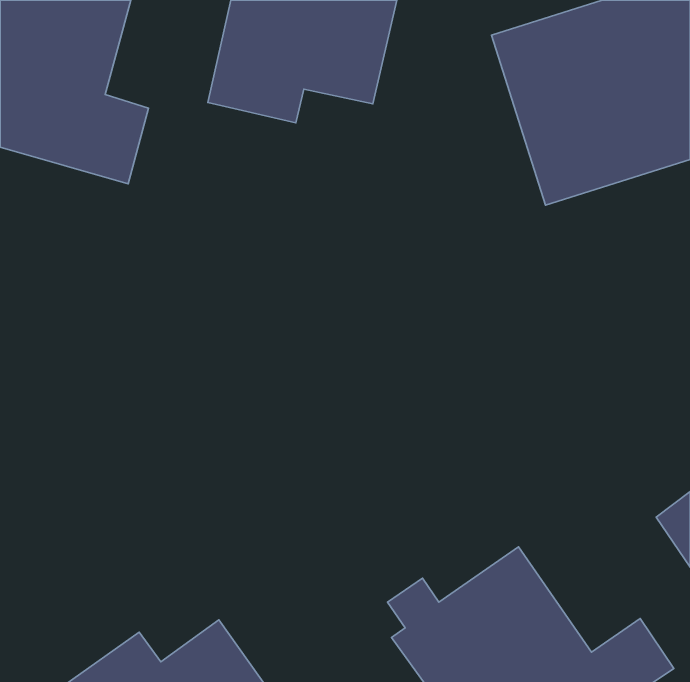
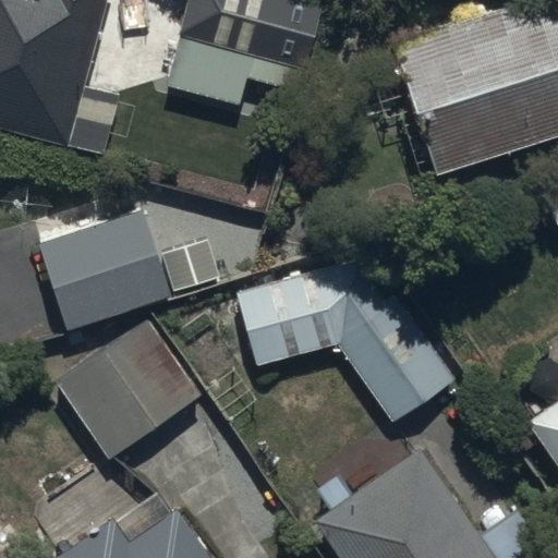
building: none -> [40,206,174,328]
building: none -> [236,262,457,424]
building: none -> [58,318,232,459]

